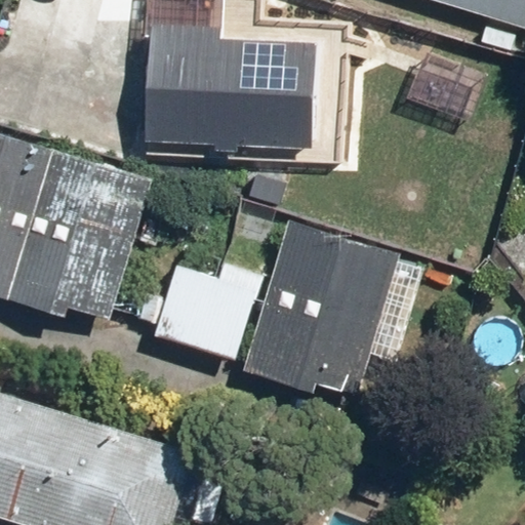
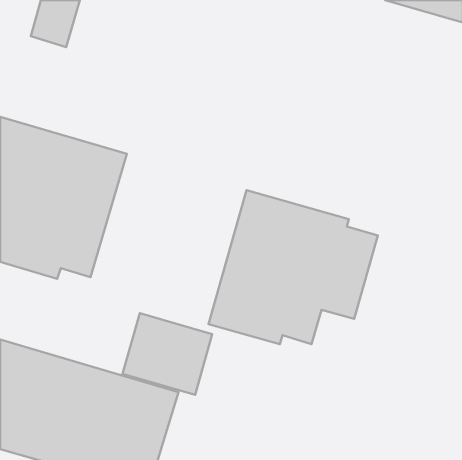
building: [143,24,316,147] -> none
building: [151,267,252,359] -> [123,313,212,395]

